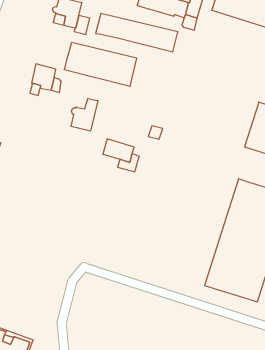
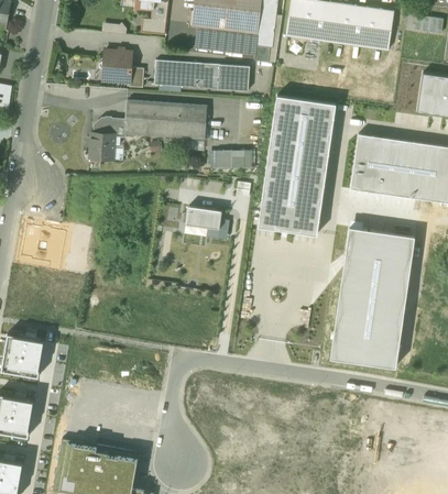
building: none -> [94,119,125,139]
building: none -> [258,96,336,235]
building: none -> [214,151,252,169]
building: [71,98,98,131] -> none

